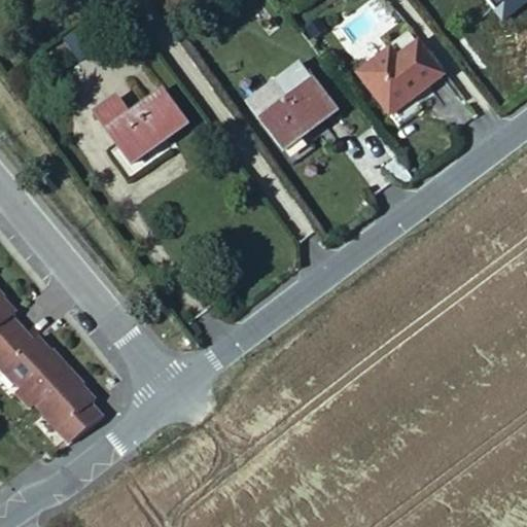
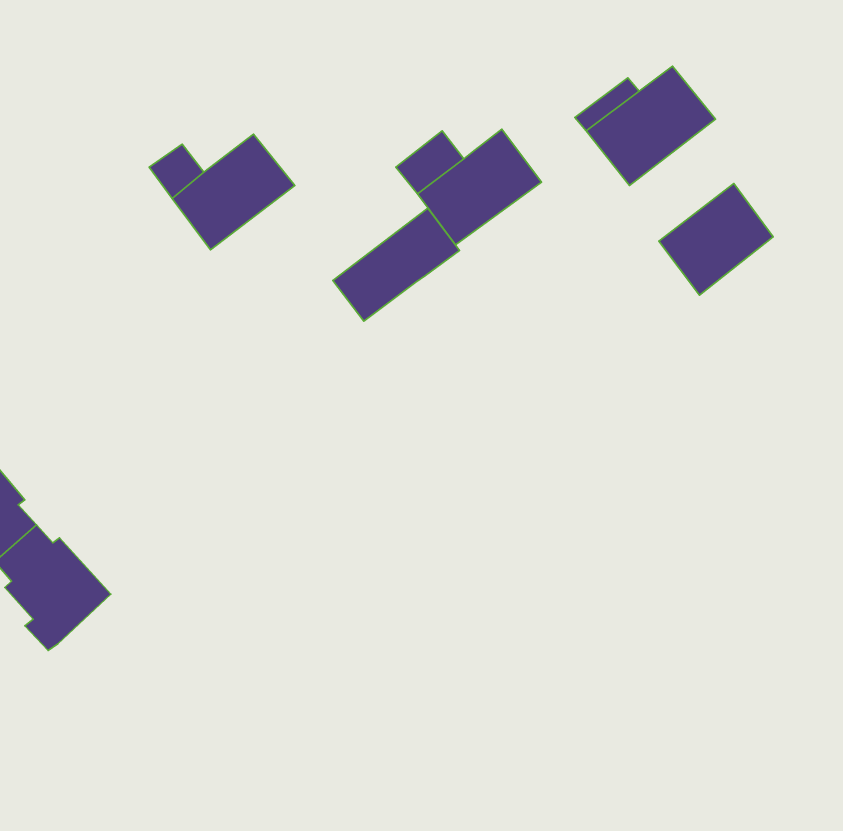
building: none -> [659,183,773,295]
building: none -> [333,208,460,321]
building: [36,370,103,436] -> none

